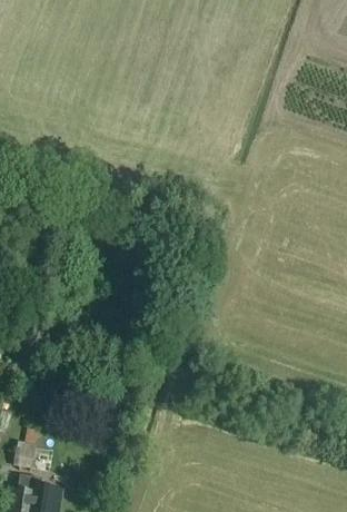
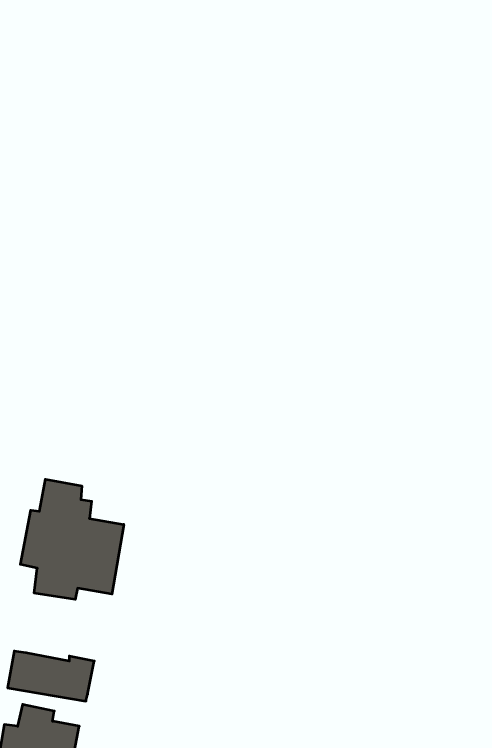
building: none -> [20,479,124,599]

